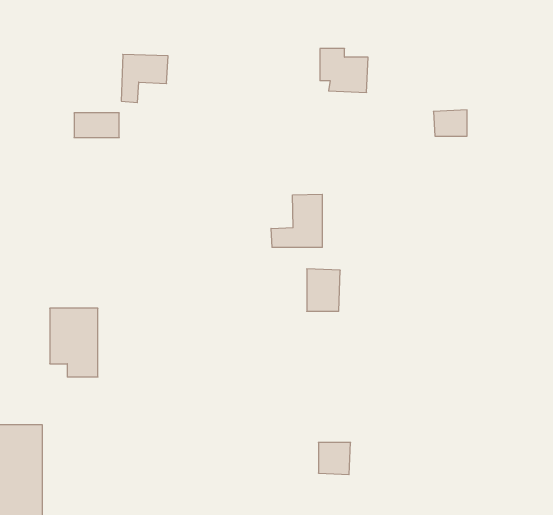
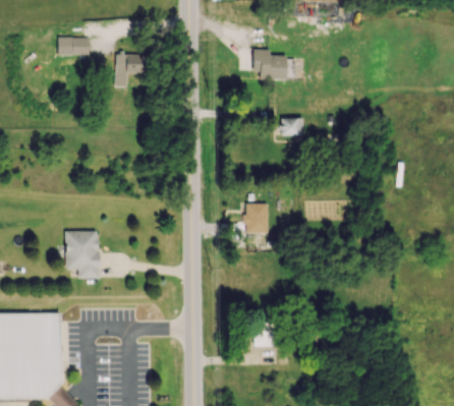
building: [433,110,467,136] -> [280,117,303,135]
building: [74,113,119,138] -> [58,38,90,55]
building: [271,194,322,247] -> none

